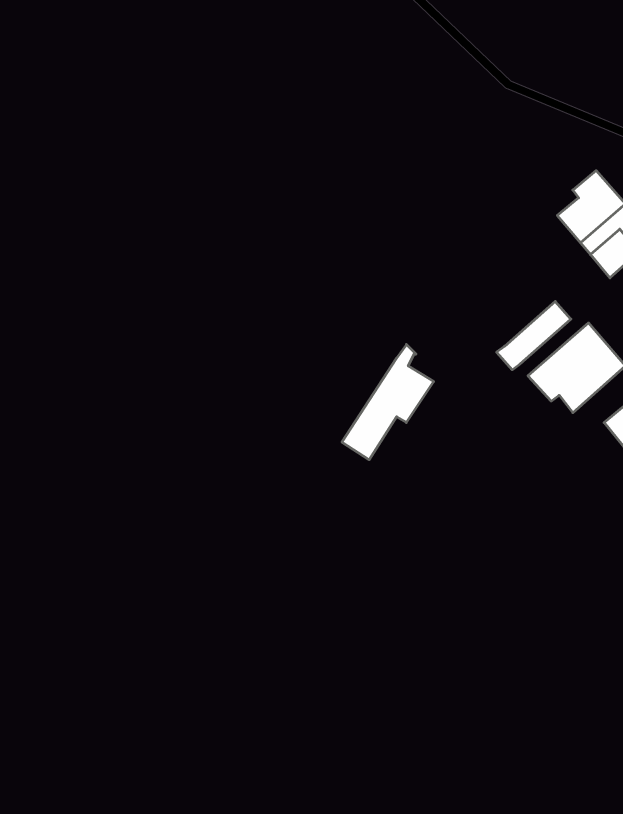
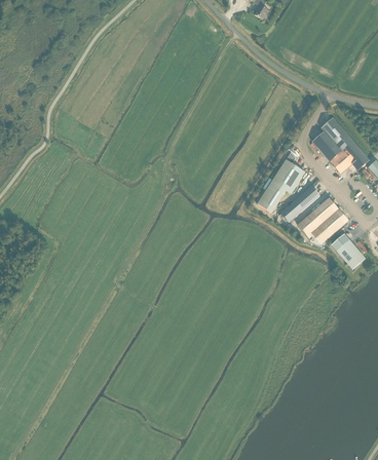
building: [342,344,434,460] -> [256,152,304,213]

